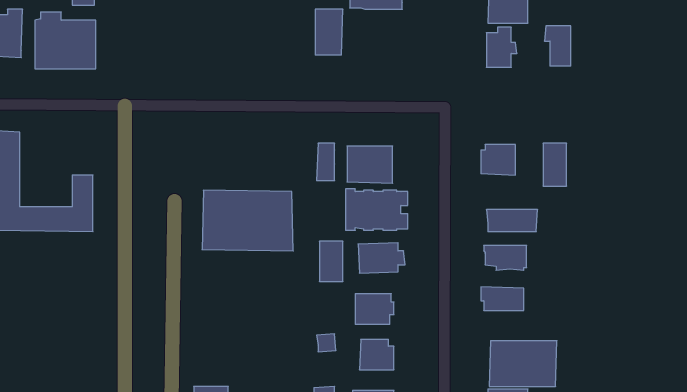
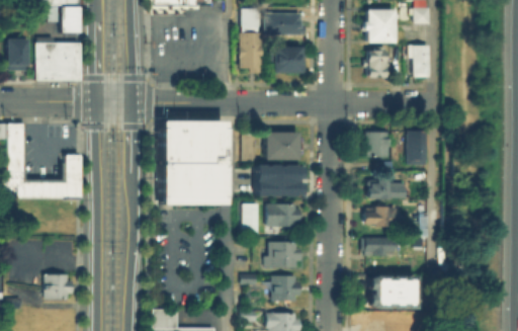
building: none -> [274,48,300,70]
building: none -> [159,125,224,167]
building: none -> [46,274,71,297]

